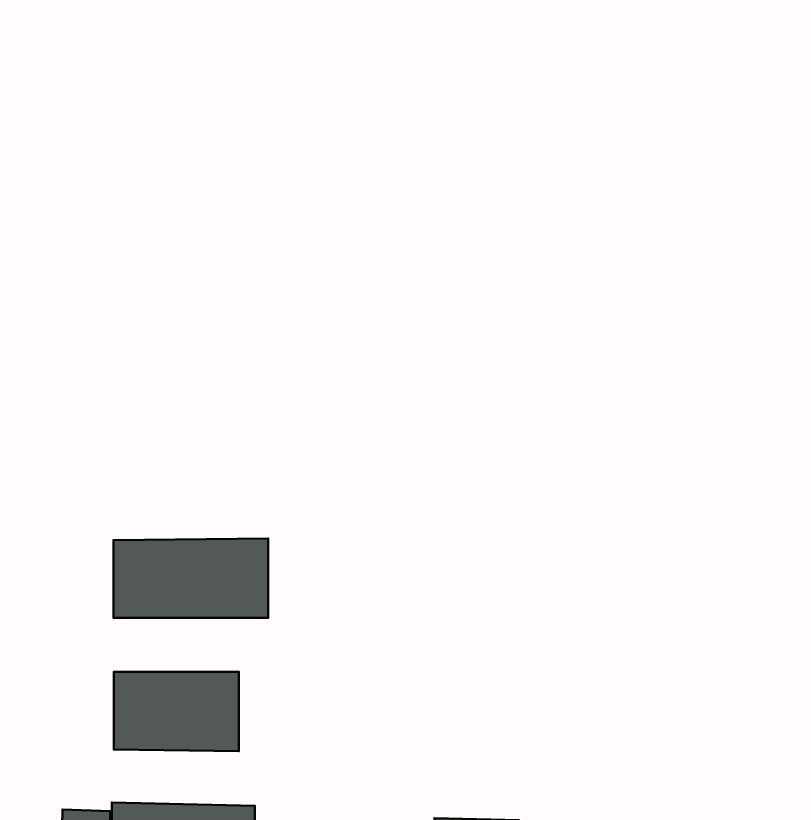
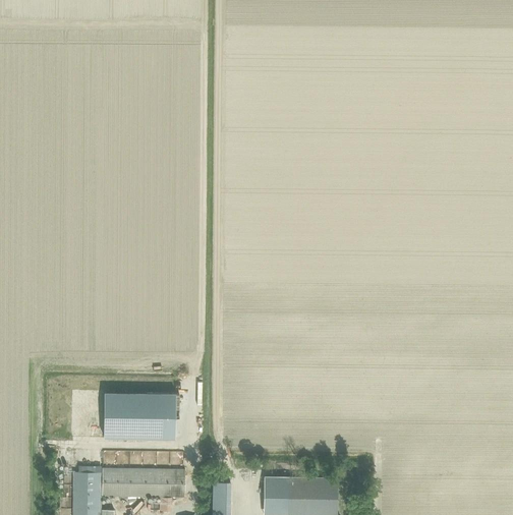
building: [114,539,268,618] -> none

